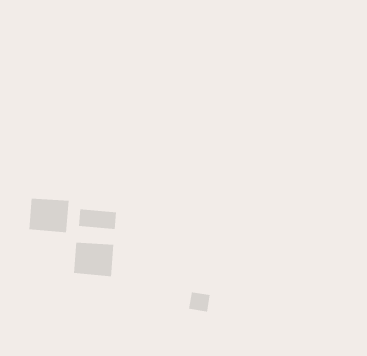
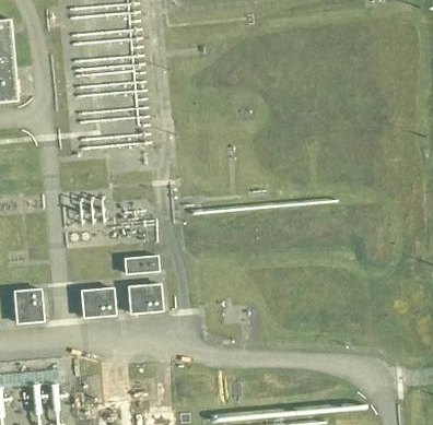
building: [29,198,70,233] -> [80,286,116,317]

